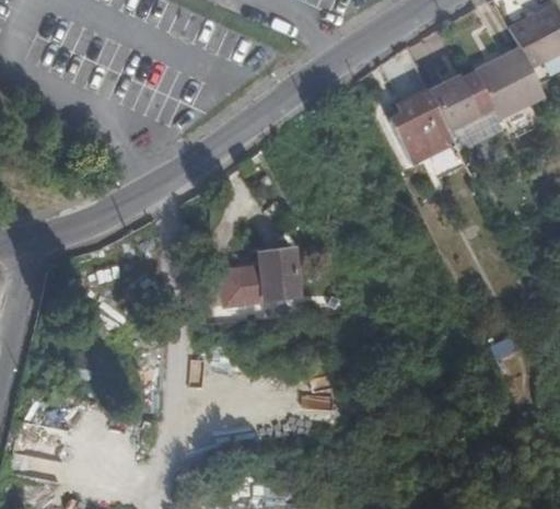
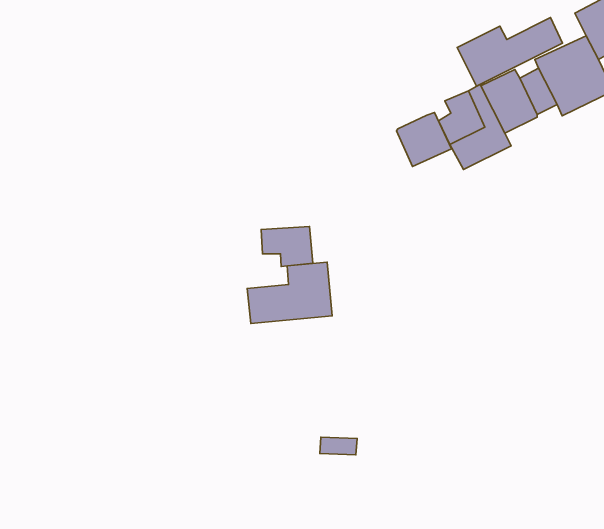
building: none -> [457,18,563,86]
building: none -> [397,112,451,166]
building: none -> [261,227,313,267]

